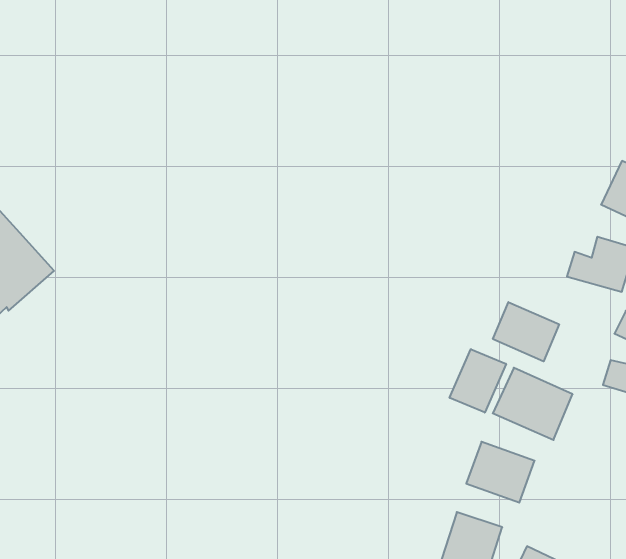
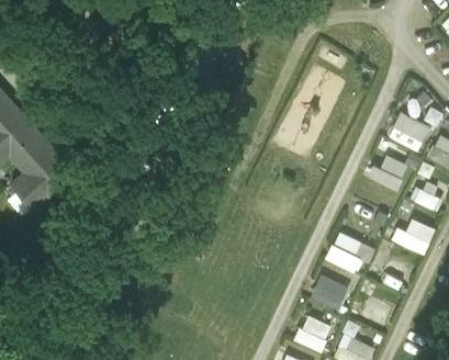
building: [493,302,559,361] -> none
building: [450,349,506,413] -> none

